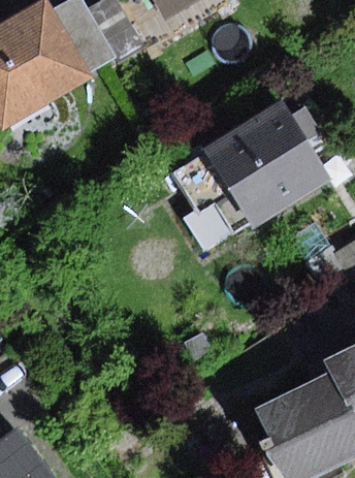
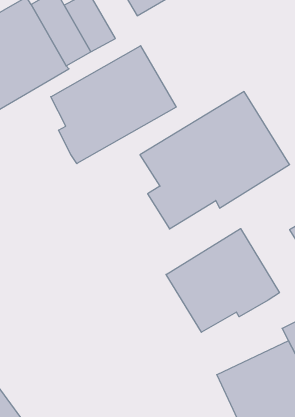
building: none -> [51,46,176,164]
building: none -> [166,229,279,332]

